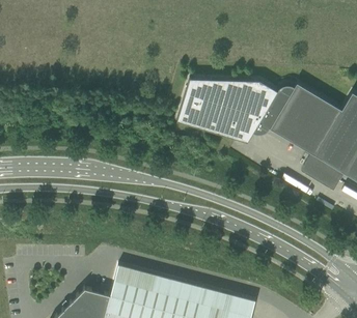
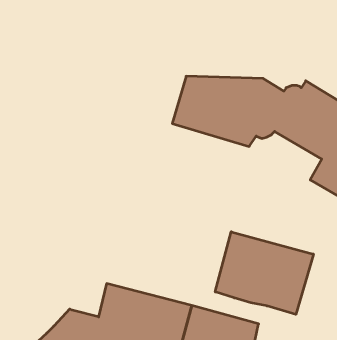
building: none -> [215,232,313,314]

